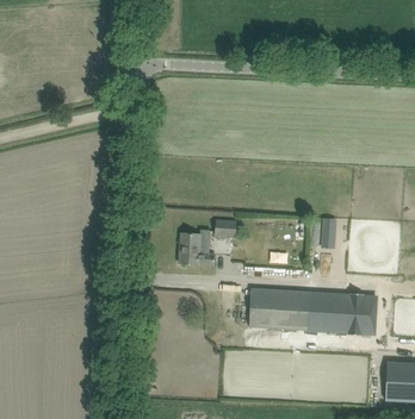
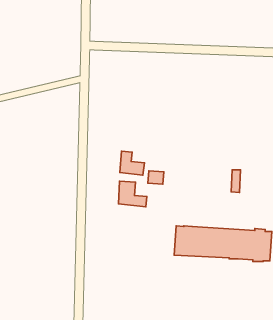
building: none -> [120,151,144,175]

